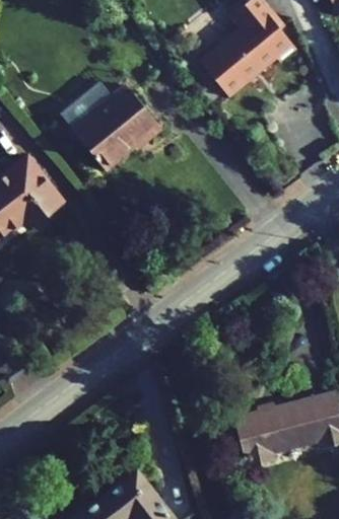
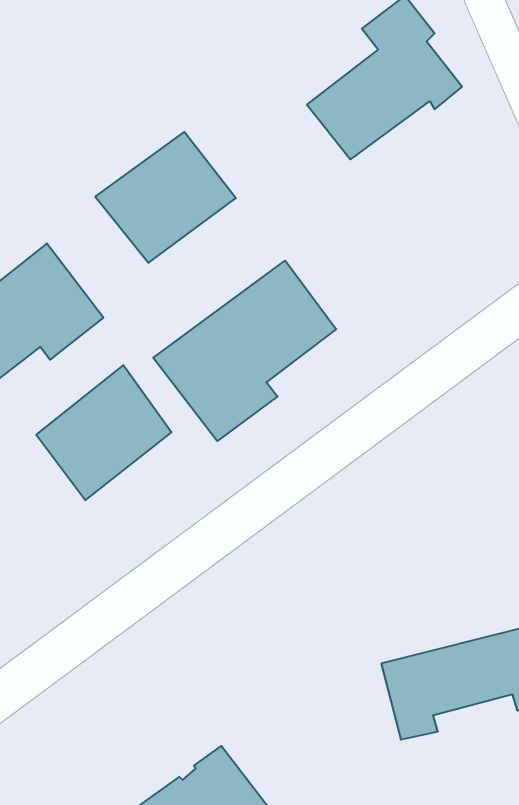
building: none -> [153,261,336,441]
building: none -> [36,365,172,500]

